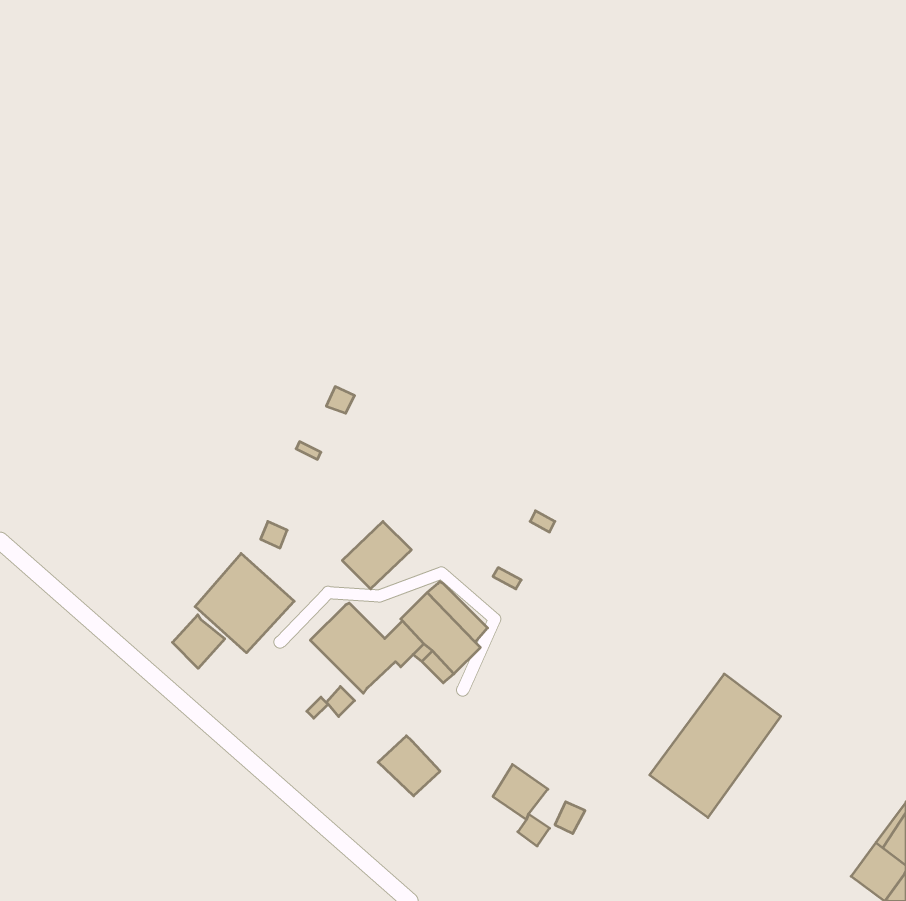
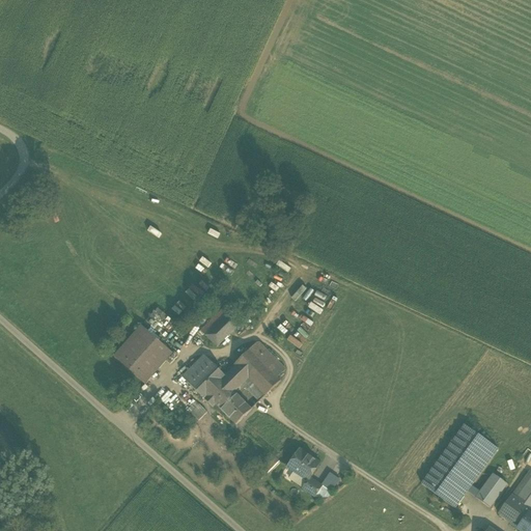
building: [172,615,225,668] -> none
building: [650,674,781,818] -> [421,422,498,506]
building: [378,736,440,796] -> [215,387,251,422]
building: none -> [476,472,507,506]

